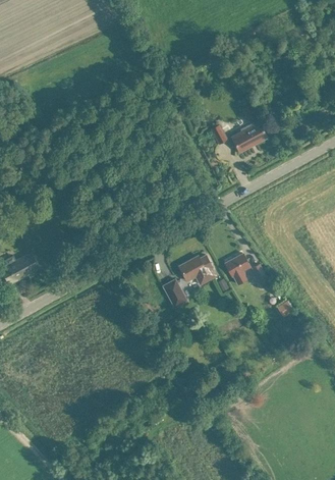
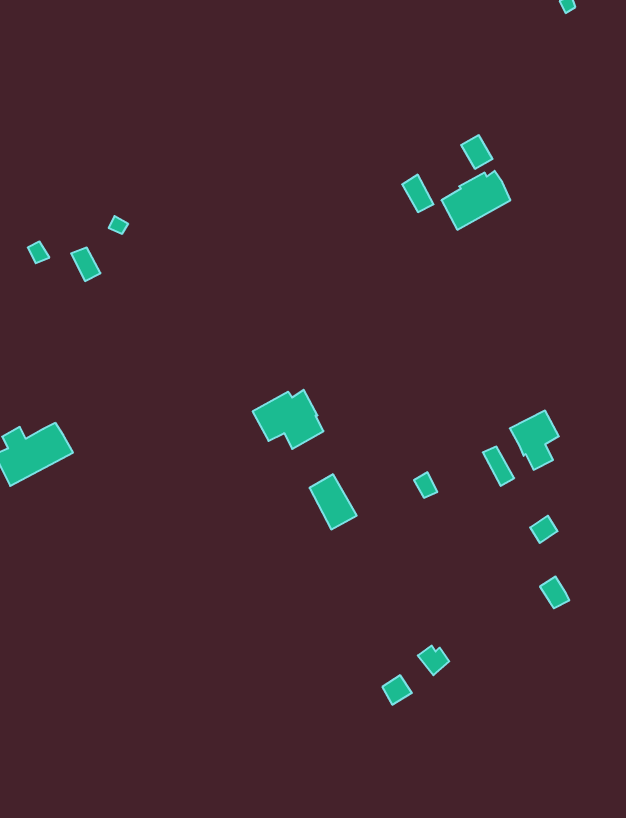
building: [225,254,250,284] -> [510,411,559,470]
building: [179,255,216,285] -> [253,390,324,449]

